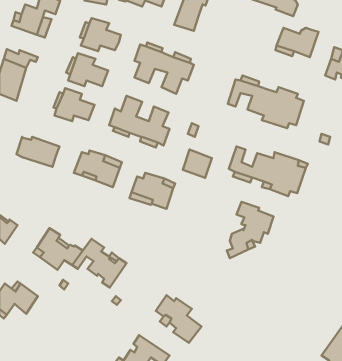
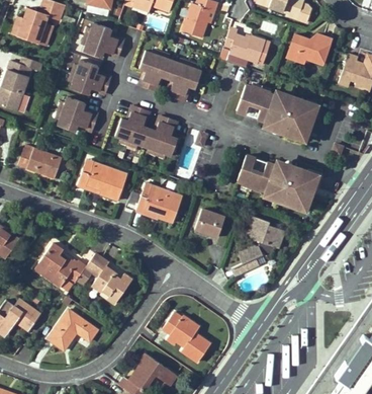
building: none -> [224,29,271,66]
building: [183,150,212,178] -> [195,209,225,238]
building: none -> [48,310,98,351]

